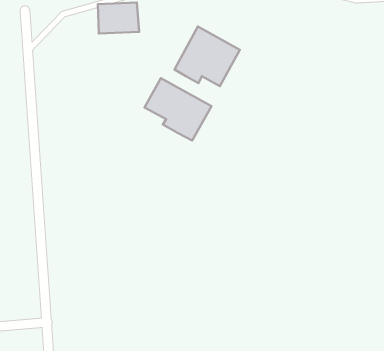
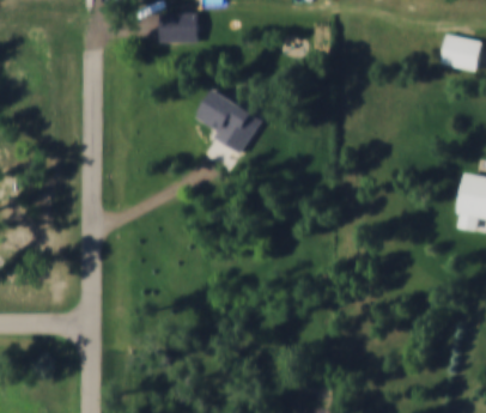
building: [174,26,240,86] -> none

